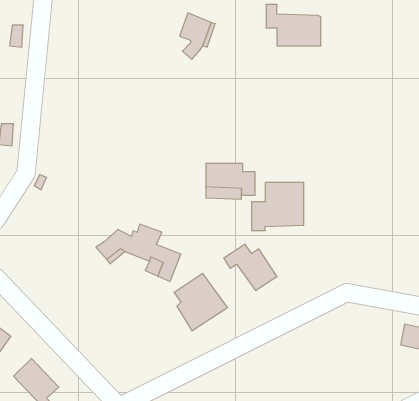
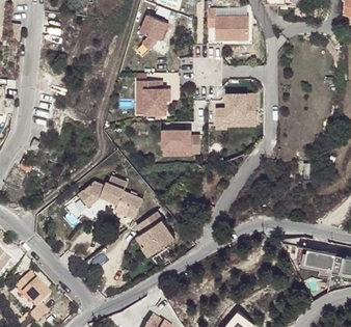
building: none -> [133,79,163,112]
building: [252,183,304,231] -> [212,92,251,129]
building: [224,244,277,291] -> none

